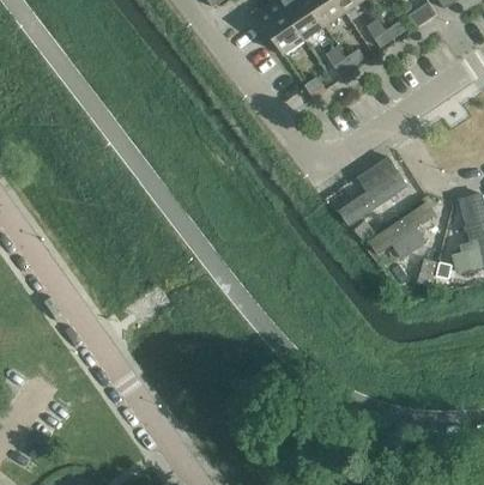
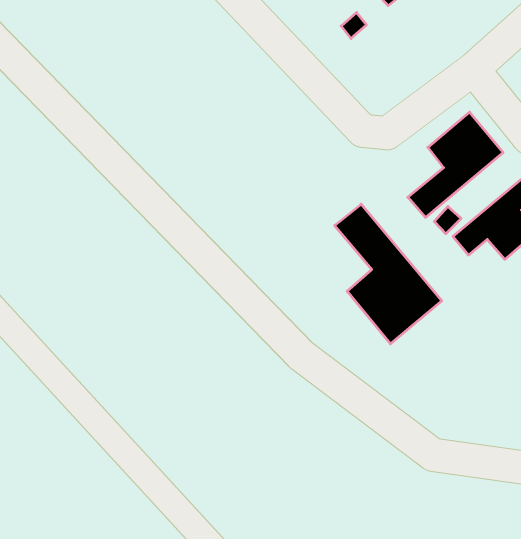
building: none -> [335,204,442,344]

